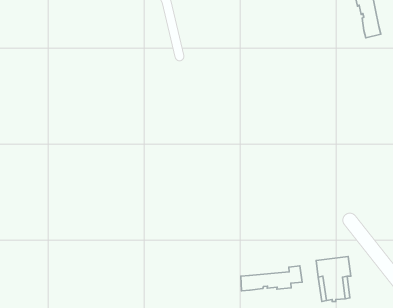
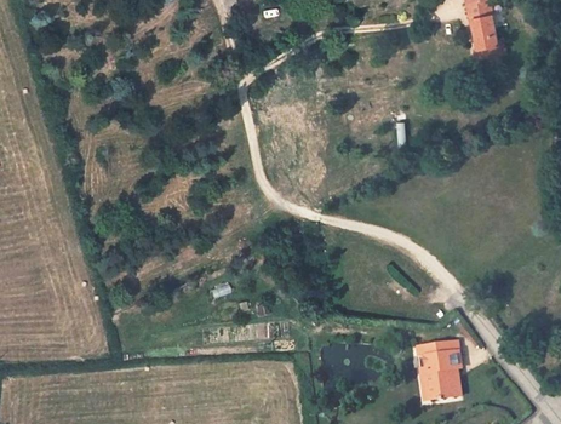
building: [241,266,302,291] -> none

